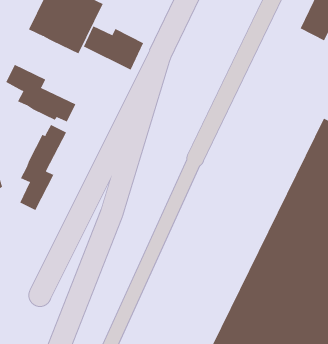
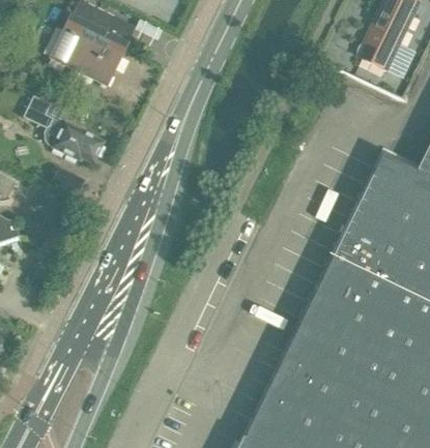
building: [83,25,144,70] -> none
building: [20,124,67,211] -> none

